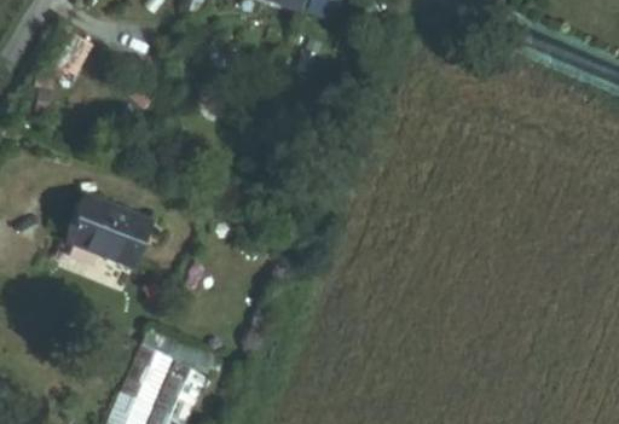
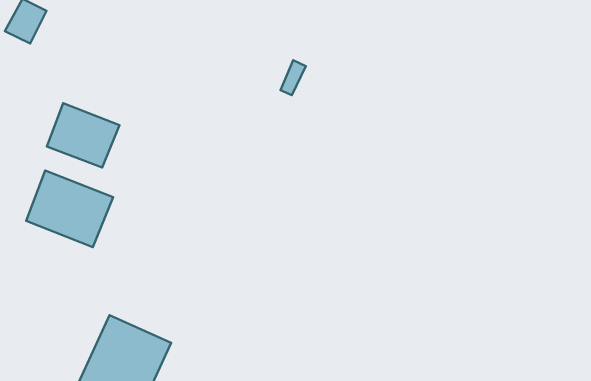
building: none -> [47,103,119,168]

